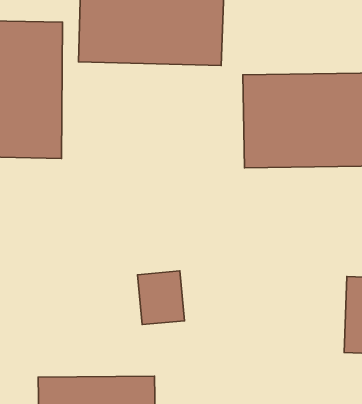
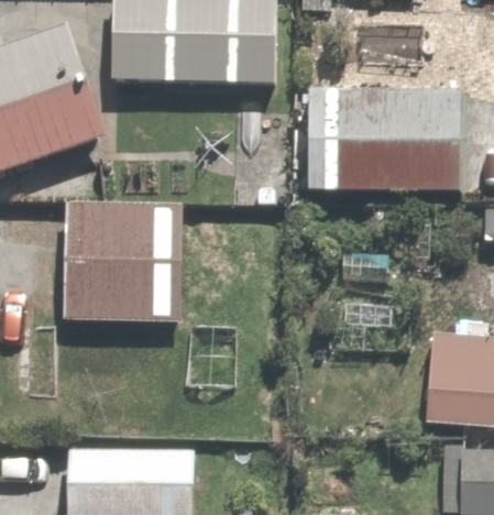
building: none -> [70,205,184,320]

